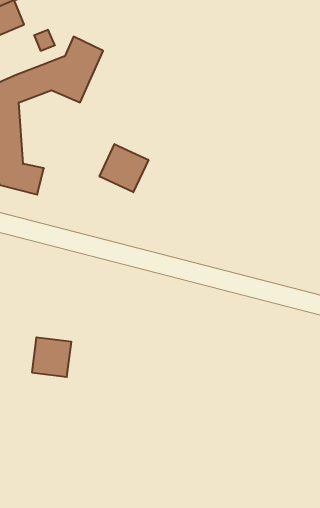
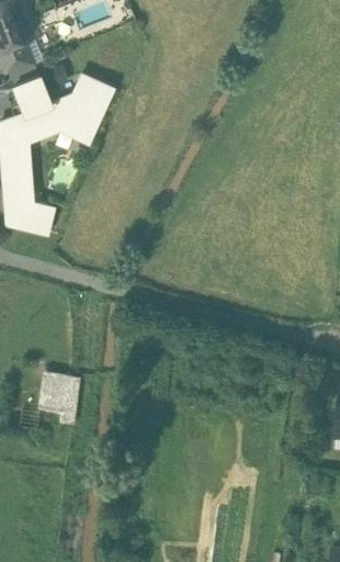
building: none -> [14,75,50,113]
building: [100,144,148,192] -> none

